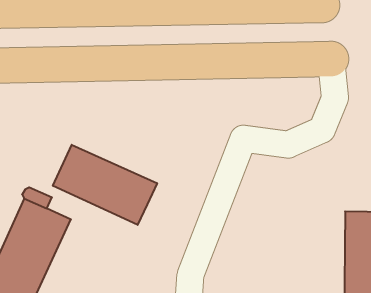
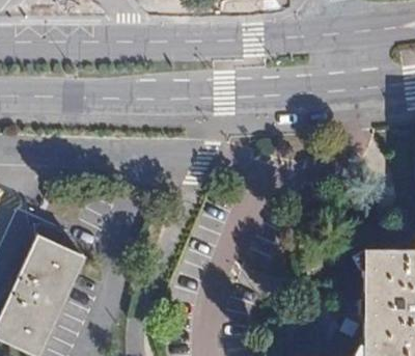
building: [53,145,157,225] -> none

